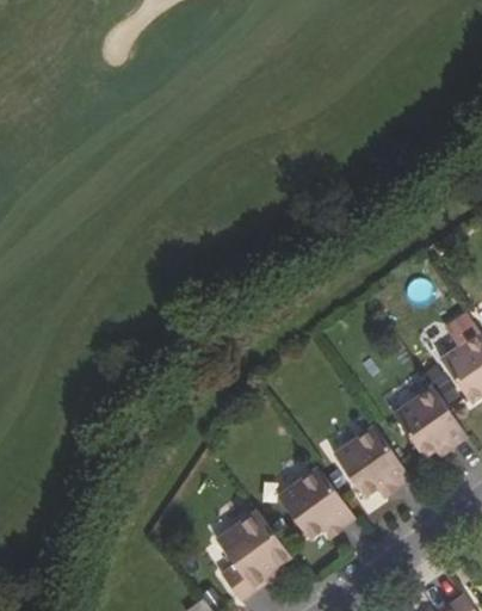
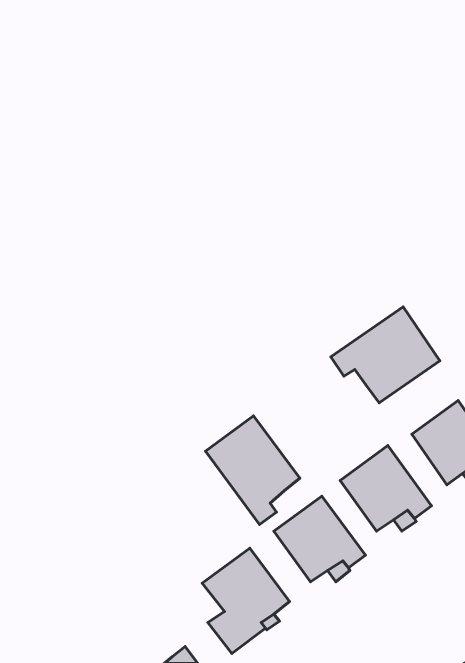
building: none -> [331,307,440,403]
building: none -> [206,416,300,525]

